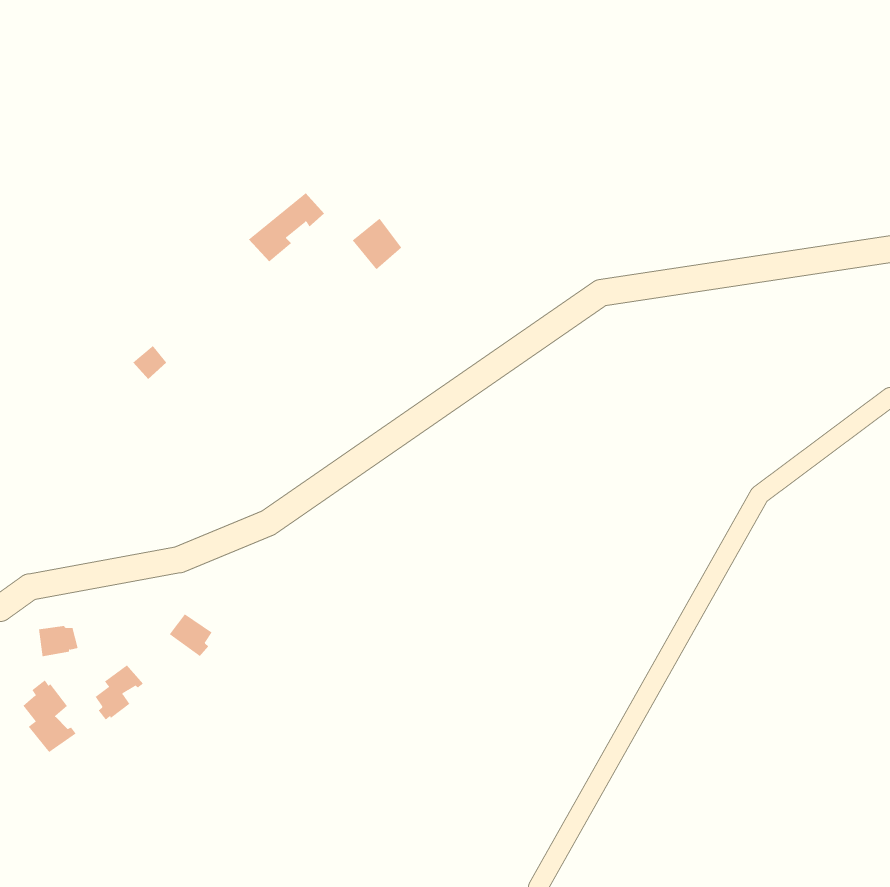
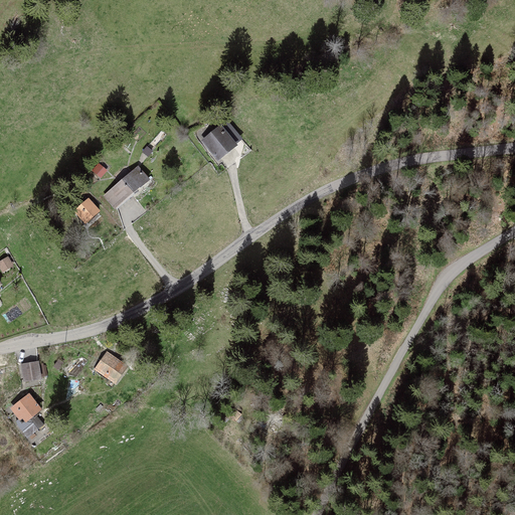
building: [248,193,325,262] -> [105,167,149,207]
building: [95,664,144,721] -> none

